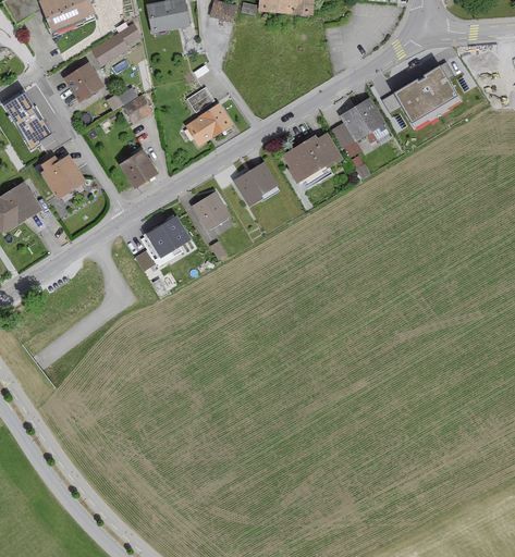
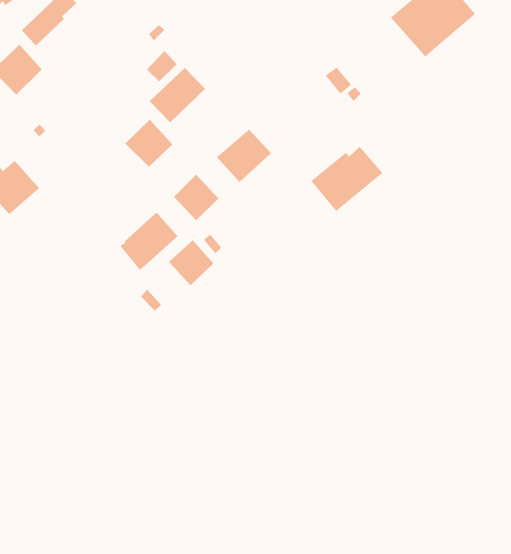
building: [106,87,152,124] -> none
building: [340,97,384,139] -> none
building: [282,132,342,182] -> [310,146,383,212]
building: [118,148,157,187] -> [125,119,173,168]
building: none -> [168,240,214,286]

